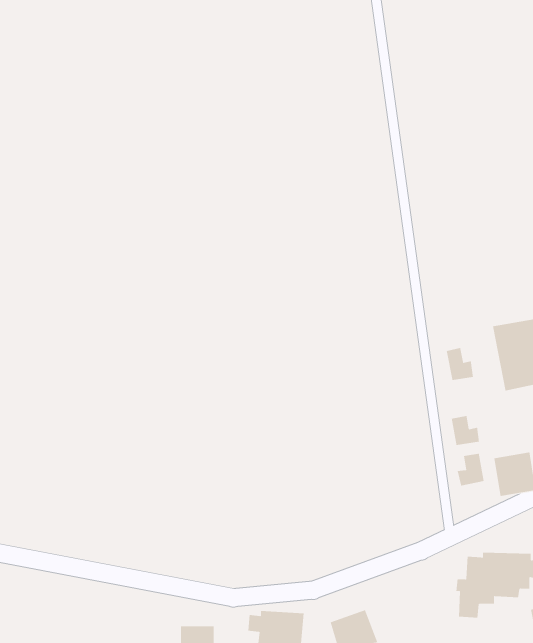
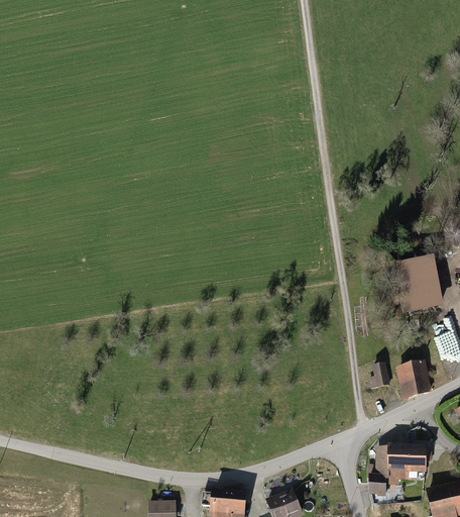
building: [446,347,474,381] -> none
building: [451,415,479,446] -> none

